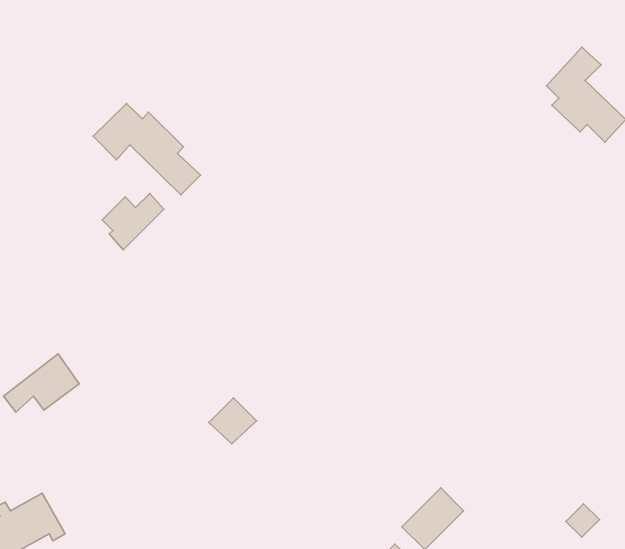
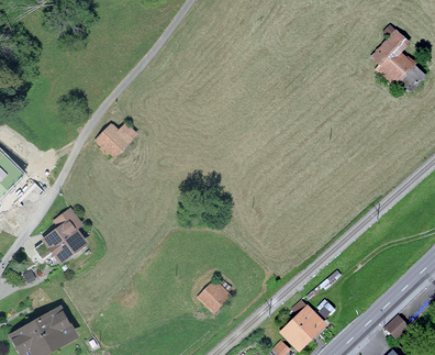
building: [93,104,201,195] -> none
building: [209,398,256,444] -> [200,280,230,309]

